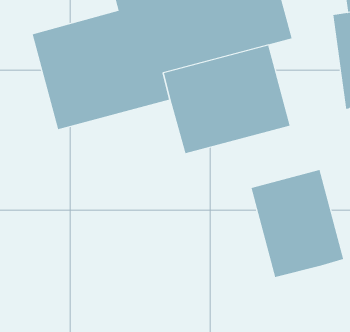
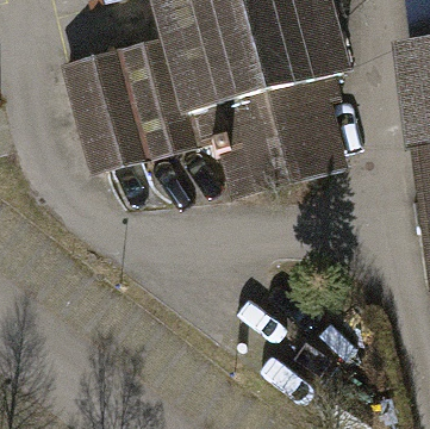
building: [251,169,344,278] -> none

